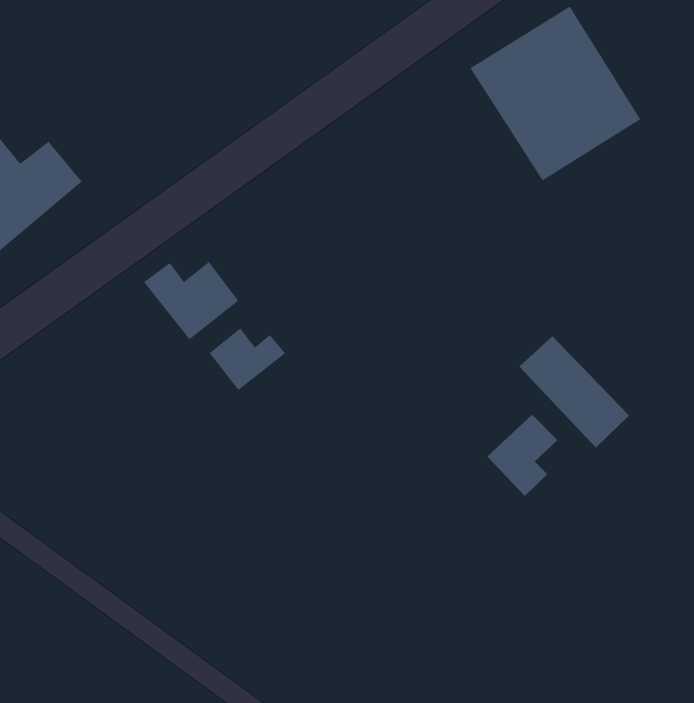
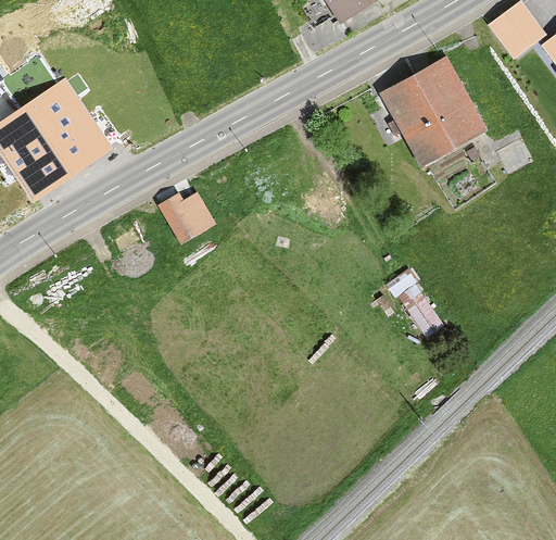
building: [209,328,286,391] -> none
building: [487,414,558,497] -> none

